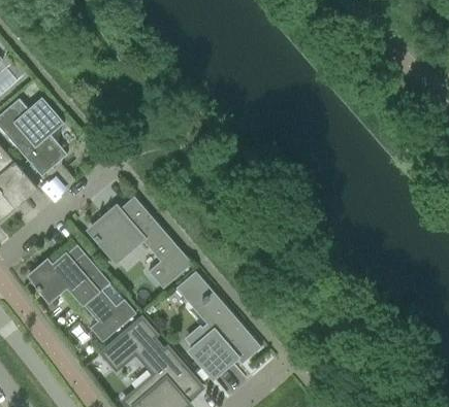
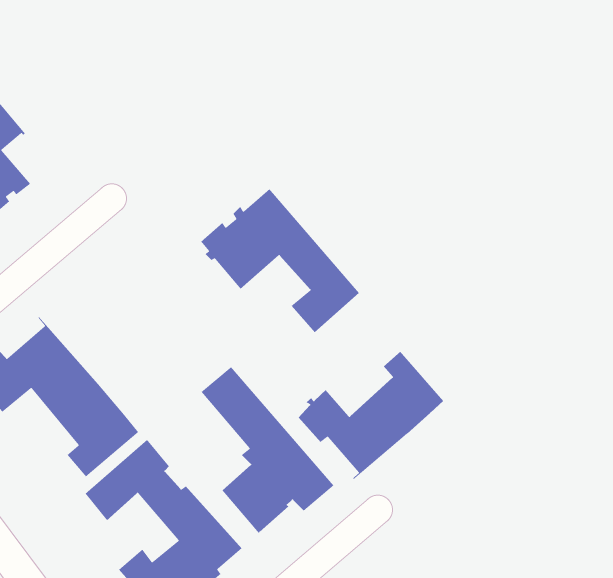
building: [89,196,191,289] -> [200,188,360,333]
building: none -> [298,351,444,480]

